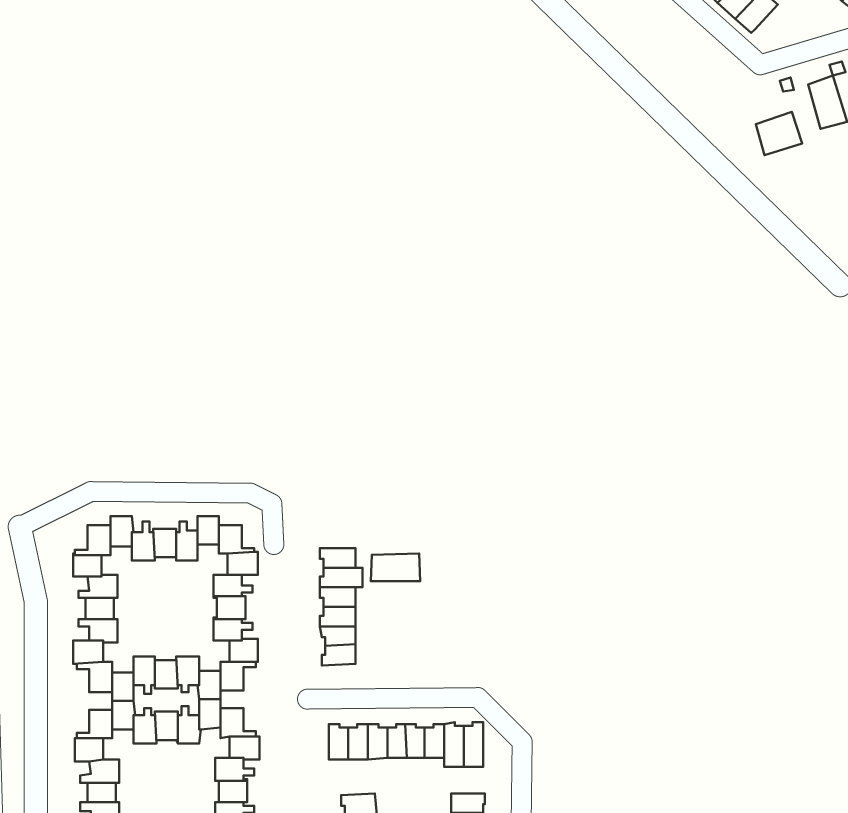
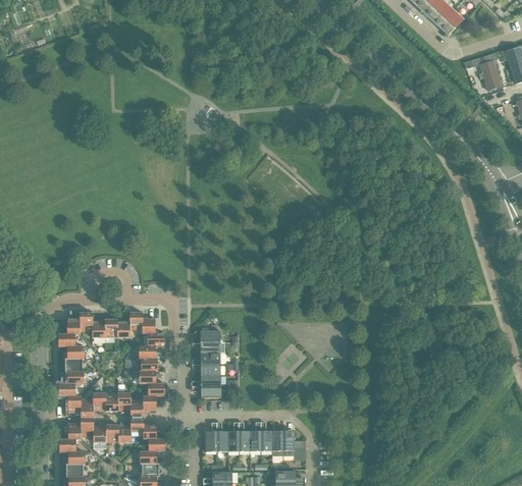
building: [756,112,802,155] -> none
building: [371,554,420,581] -> none

